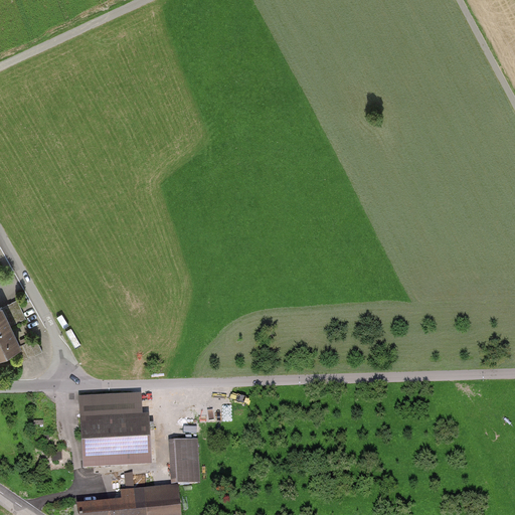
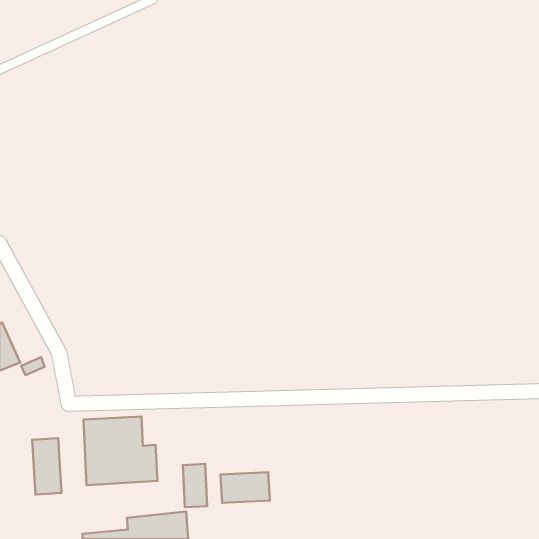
building: none -> [32,438,62,494]
building: none -> [221,472,270,503]

